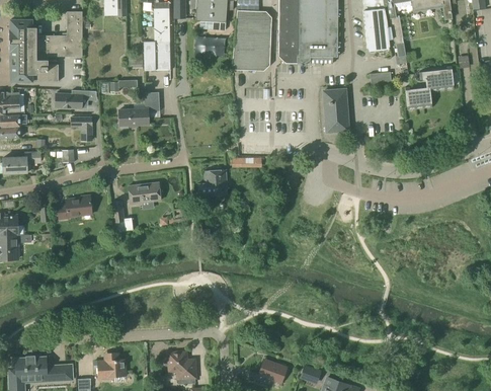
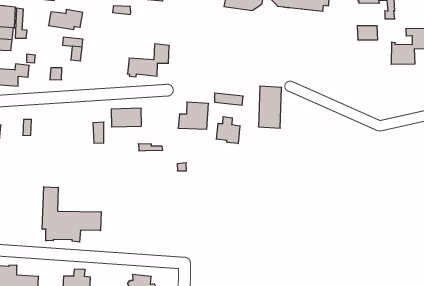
building: [323,89,348,132] -> [258,86,282,128]
building: [118,92,159,128] -> [127,44,169,77]
building: none -> [216,117,240,144]
building: [56,194,91,221] -> none
building: none -> [42,187,101,242]

